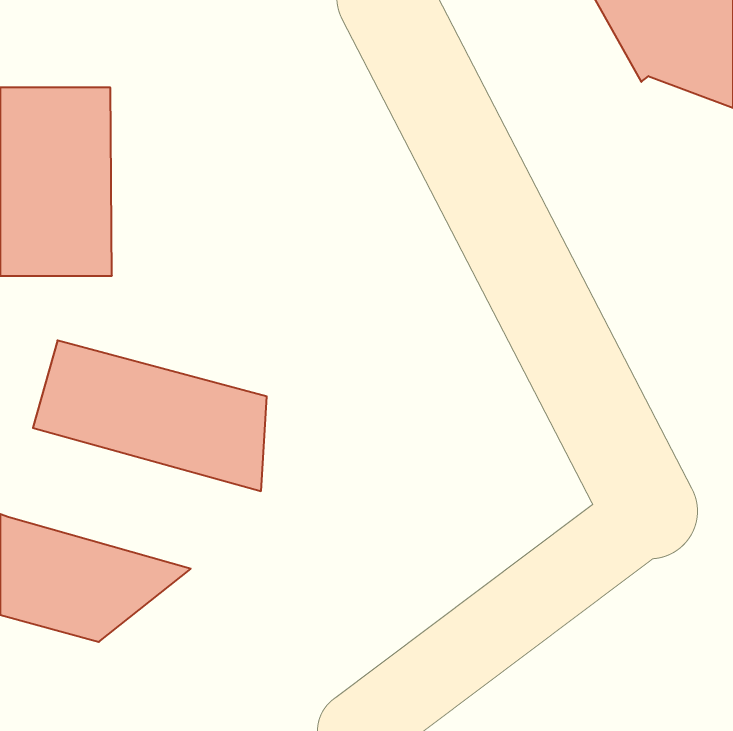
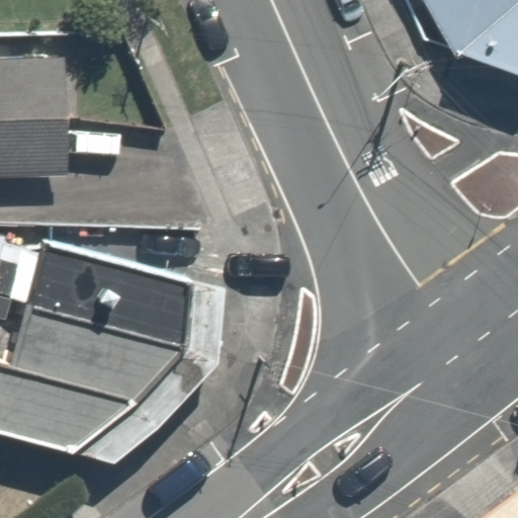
building: none -> [6,301,184,401]

